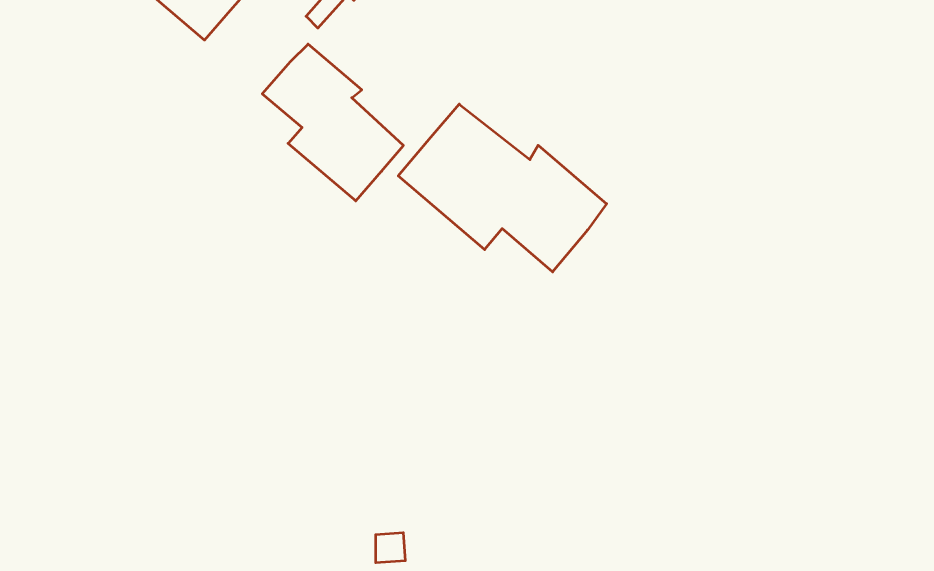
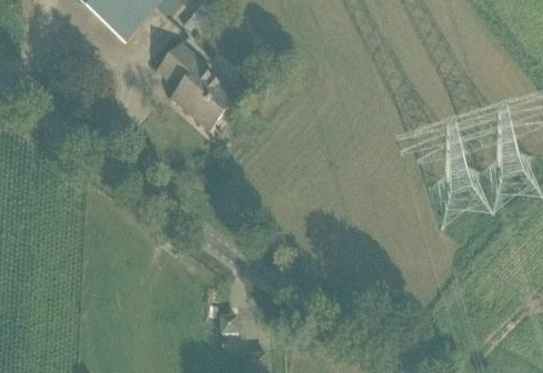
building: [398,104,607,272] -> none

